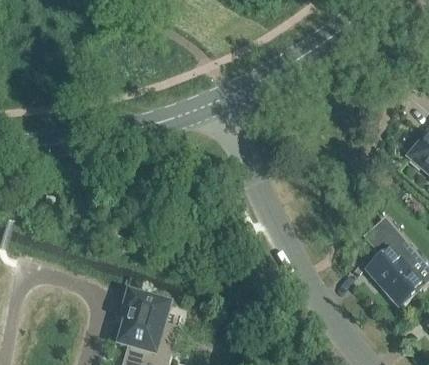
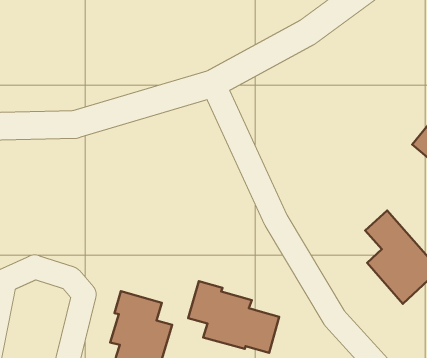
building: none -> [188,281,279,353]

